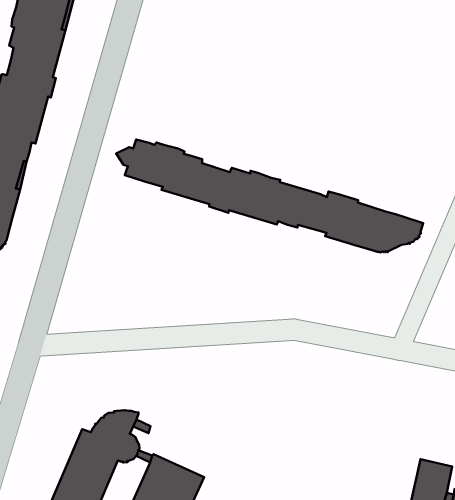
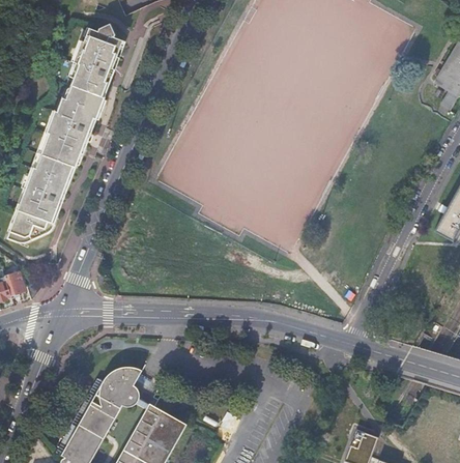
building: [116,140,423,252] -> none

